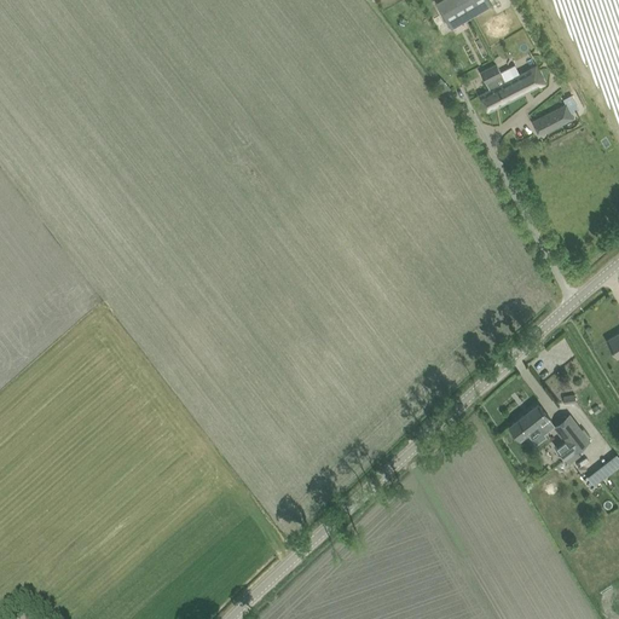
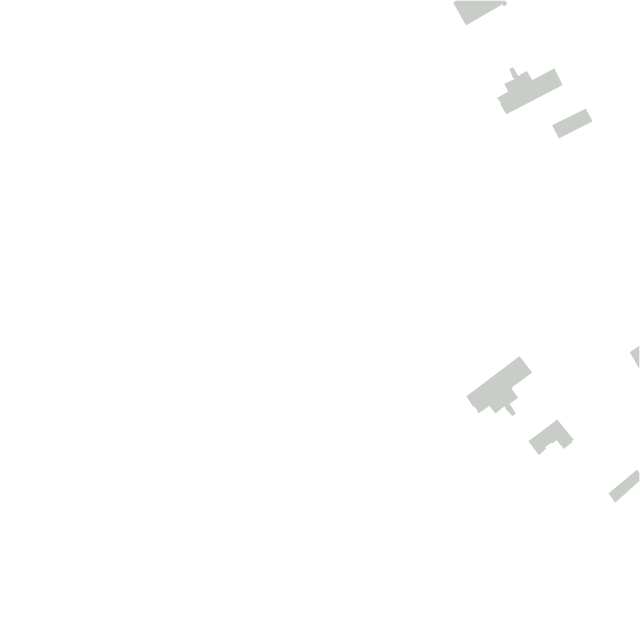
building: none -> [465,355,533,417]
building: [553,415,590,464] -> none

